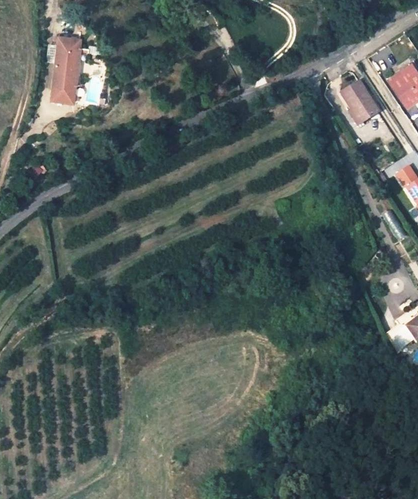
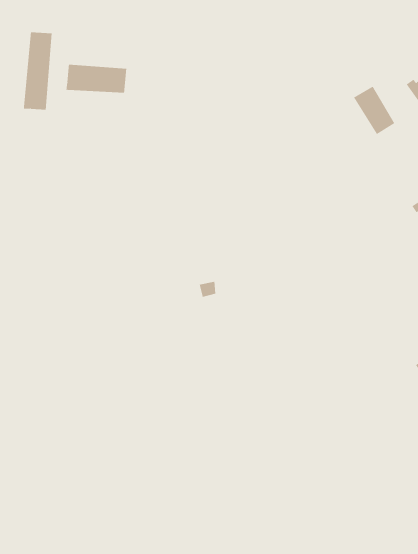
building: none -> [66,64,127,93]

